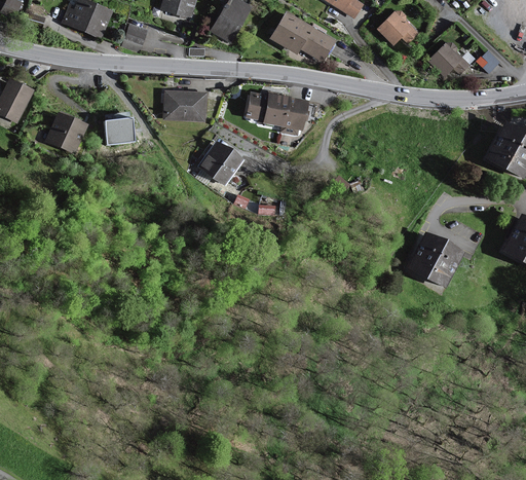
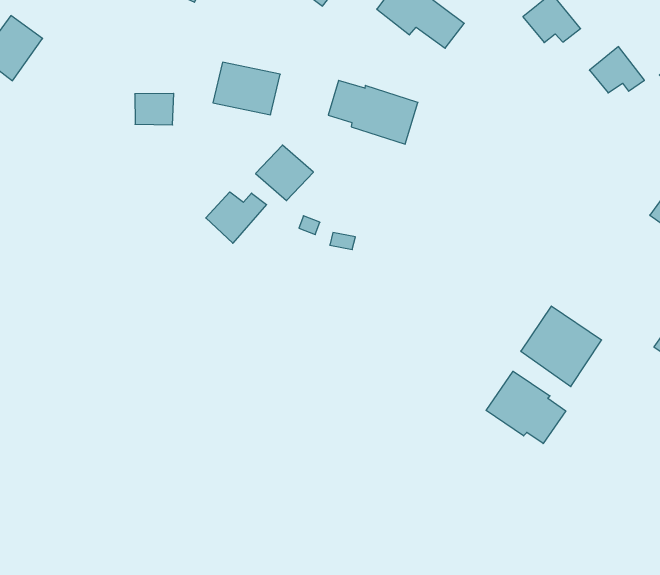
building: [46,113,84,151] -> none
building: none -> [206,192,267,243]
building: none -> [486,371,566,444]

